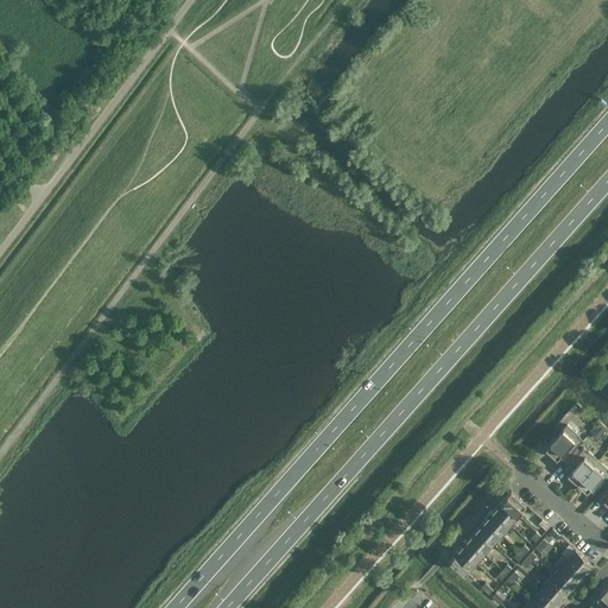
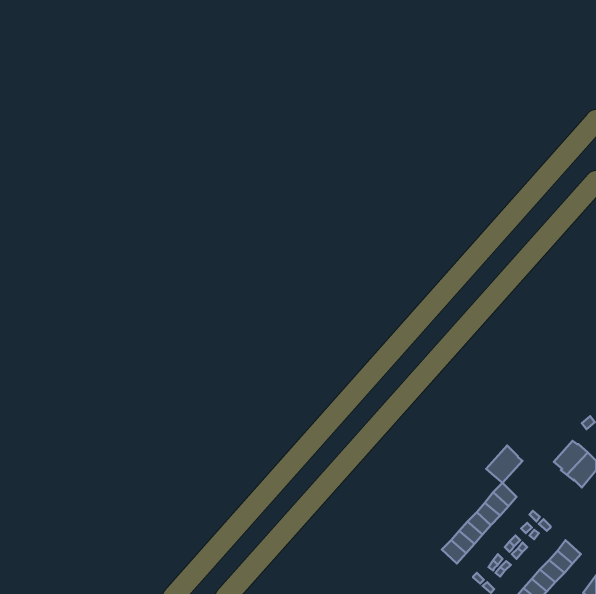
building: [545,428,582,466] -> [486,446,522,483]

